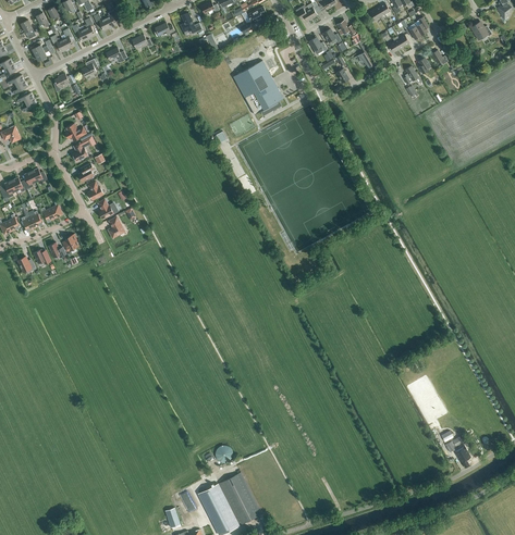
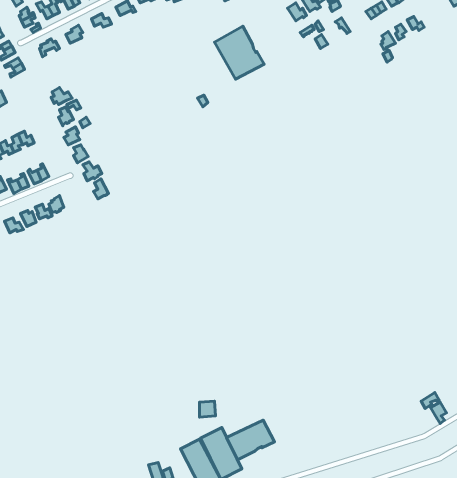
building: none -> [227,420,275,460]

